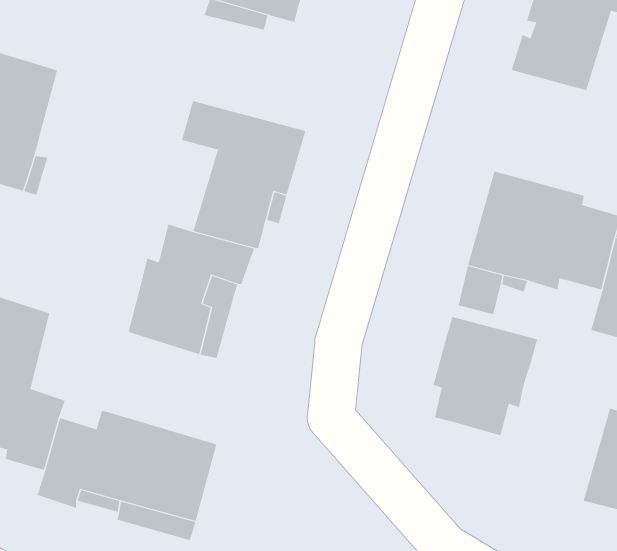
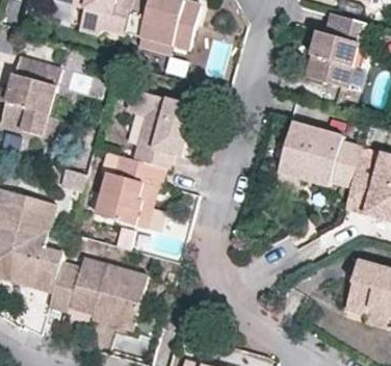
building: [433,316,538,436] -> none

